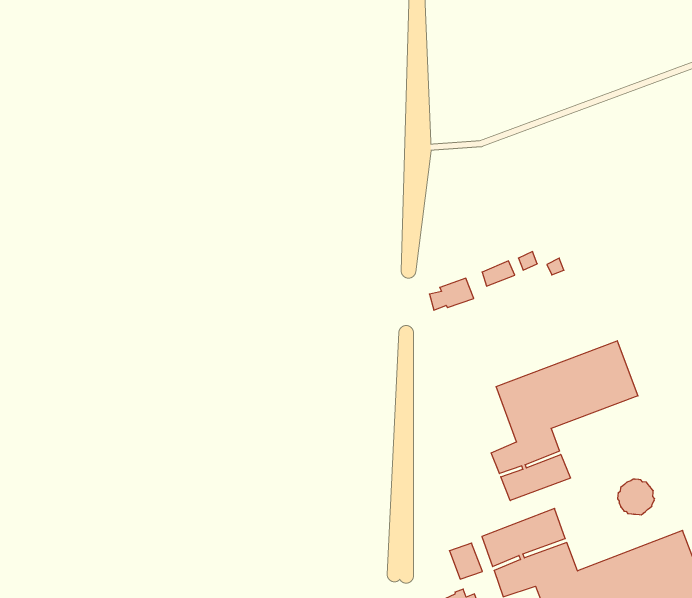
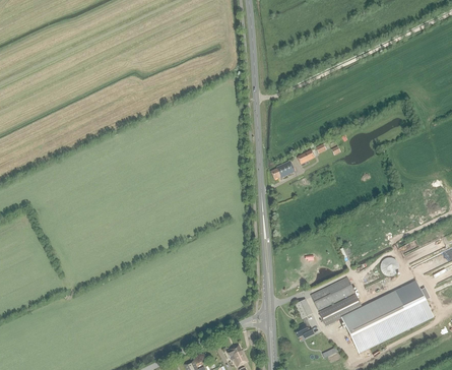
building: [491,341,638,501] -> none

